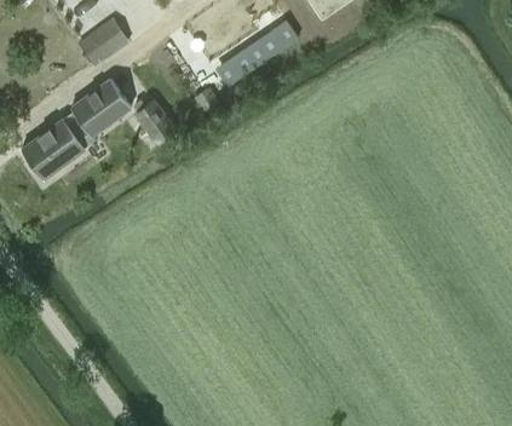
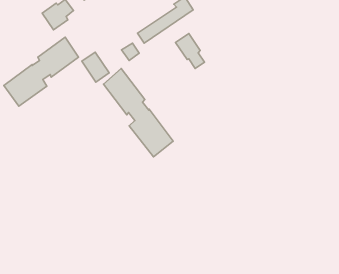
building: none -> [176,33,204,68]
building: none -> [104,69,173,157]

